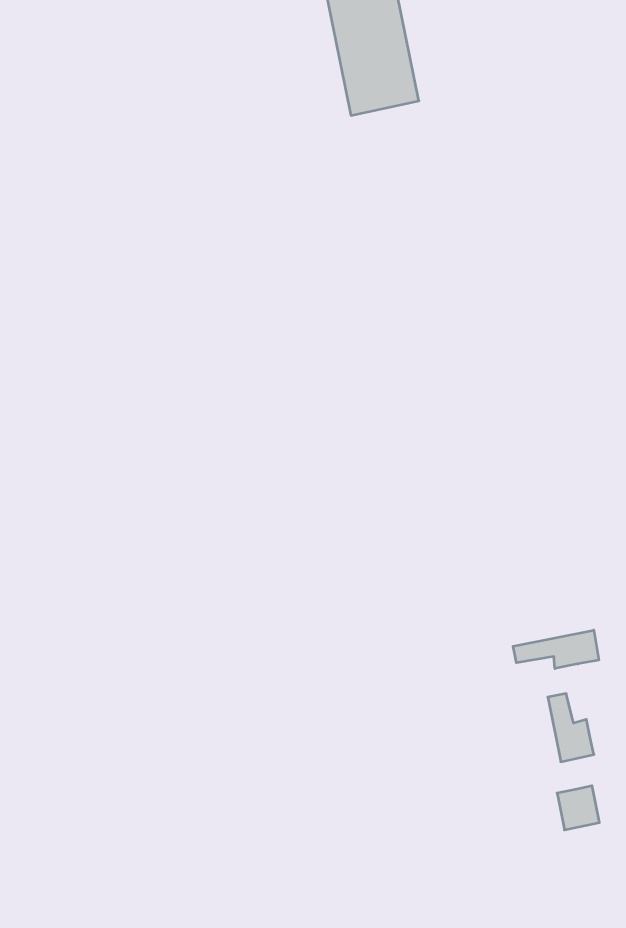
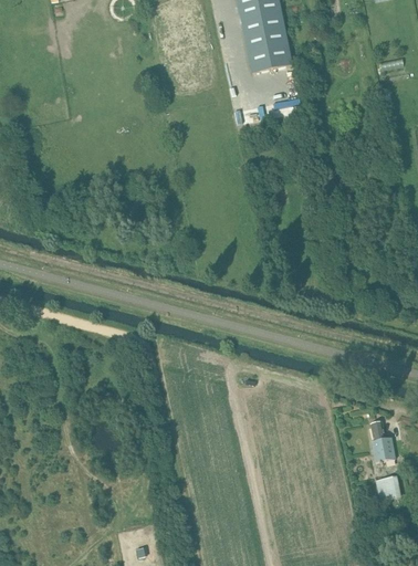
building: [513,630,599,669] -> none

